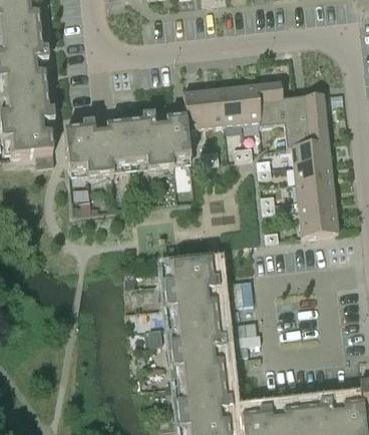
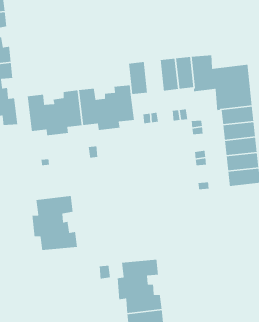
building: [203,87,225,126] -> none
building: [163,259,218,324] -> [31,195,78,251]

